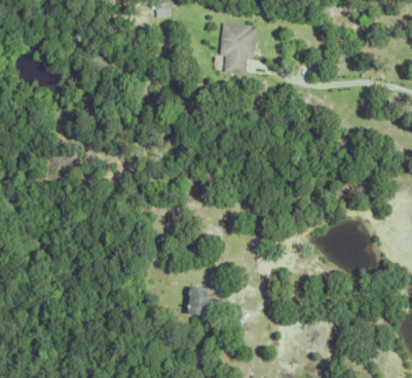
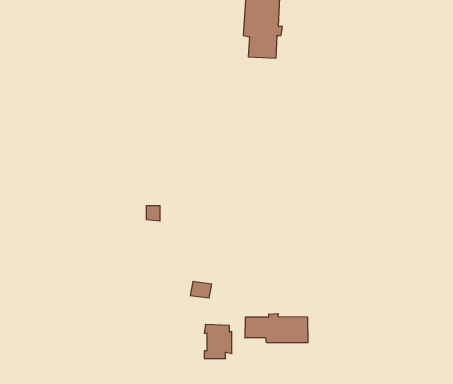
building: none -> [245,314,308,343]

